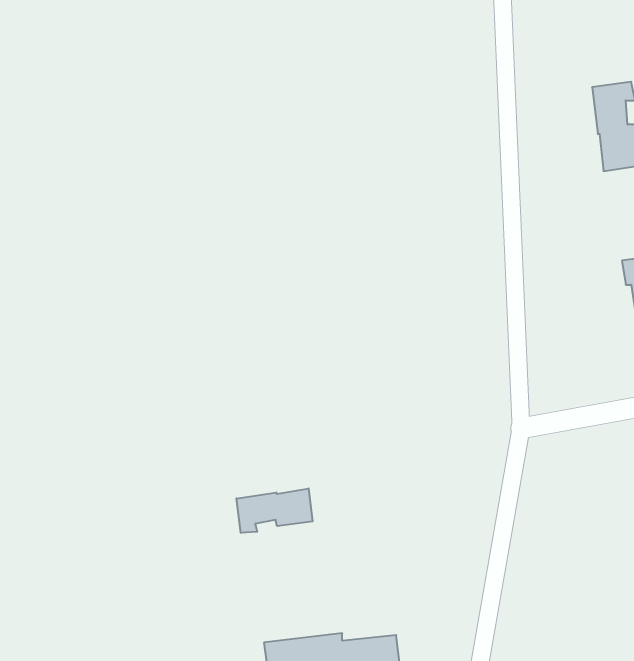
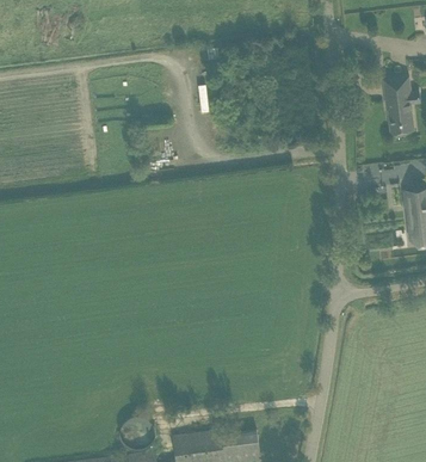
building: [236,488,313,533] -> none

